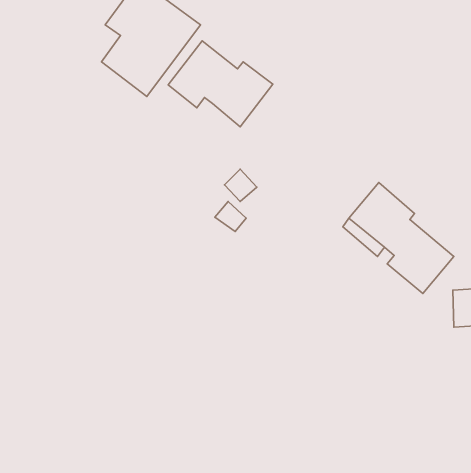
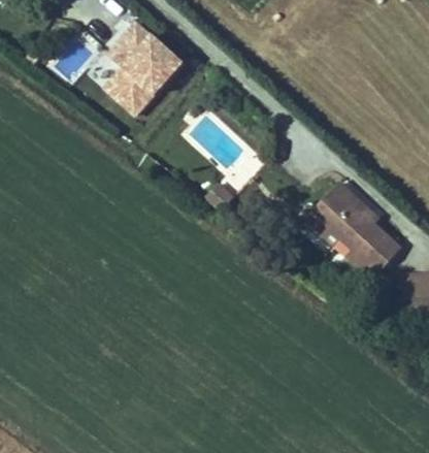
building: [168,41,273,127] -> none

